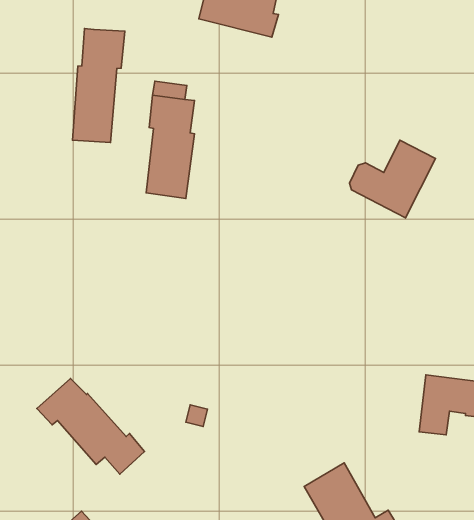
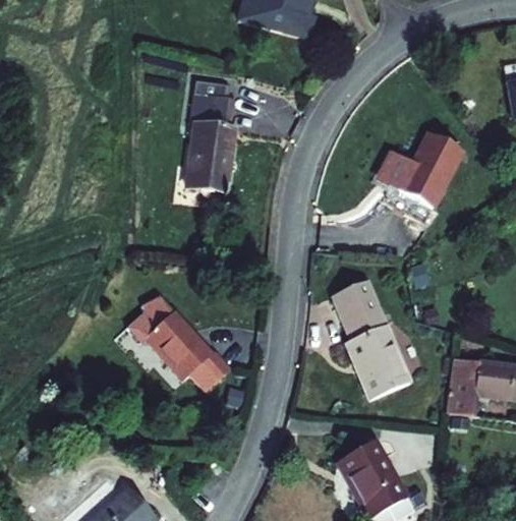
building: [72,29,125,142] -> none
building: none -> [334,279,411,398]
building: [37,379,145,474] -> [128,299,230,390]

